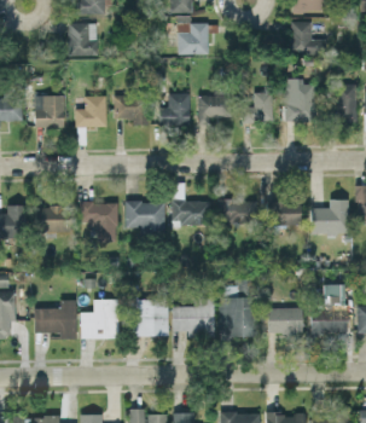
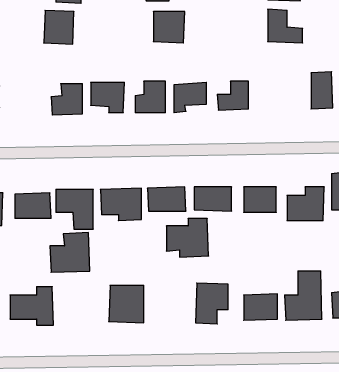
building: [285,86,315,123] -> none
building: [35,97,64,129] -> none
building: [80,300,120,340] -> [50,233,90,272]
building: [173,300,215,338] -> [166,219,209,257]

